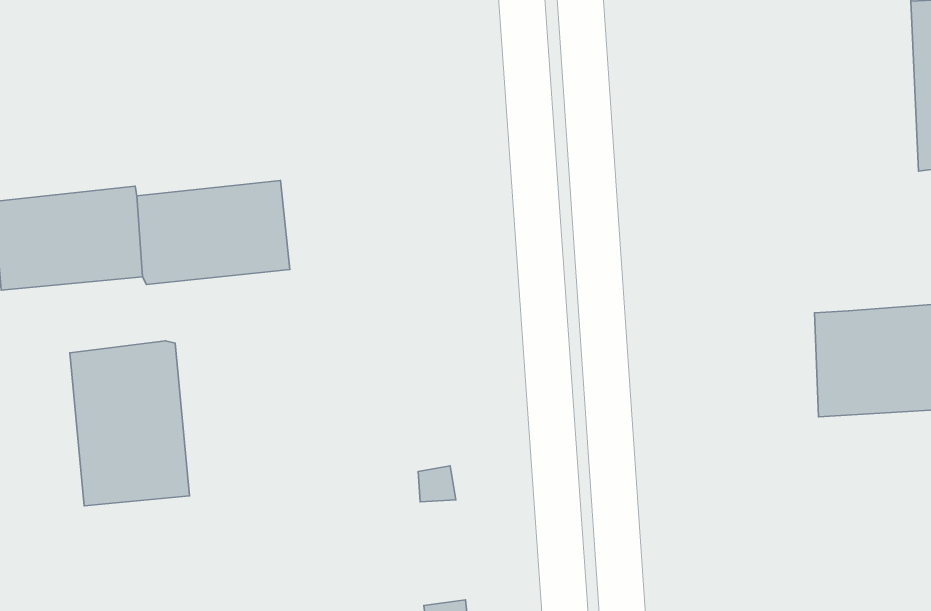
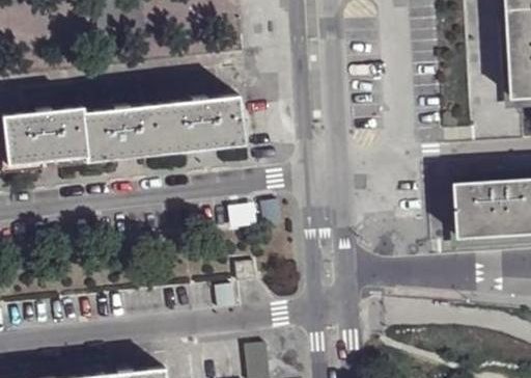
building: none -> [161,99,246,155]
building: [70,341,189,506] -> none

